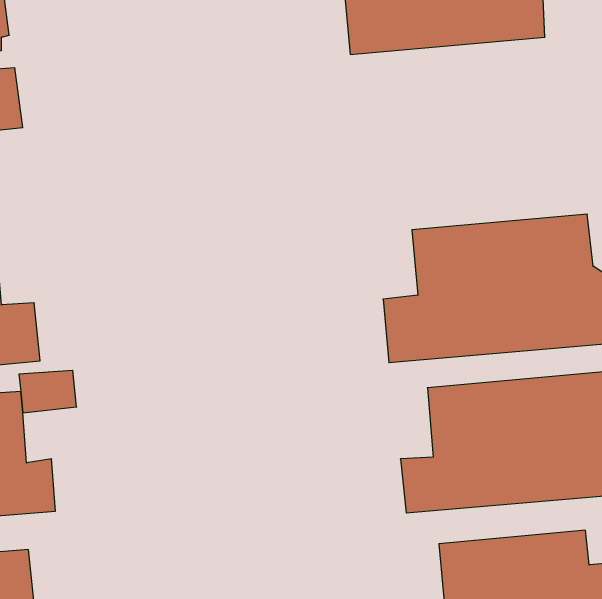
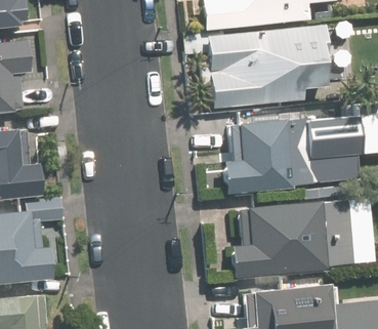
building: none -> [209,26,329,104]

